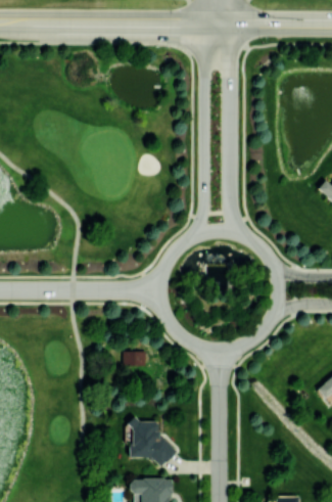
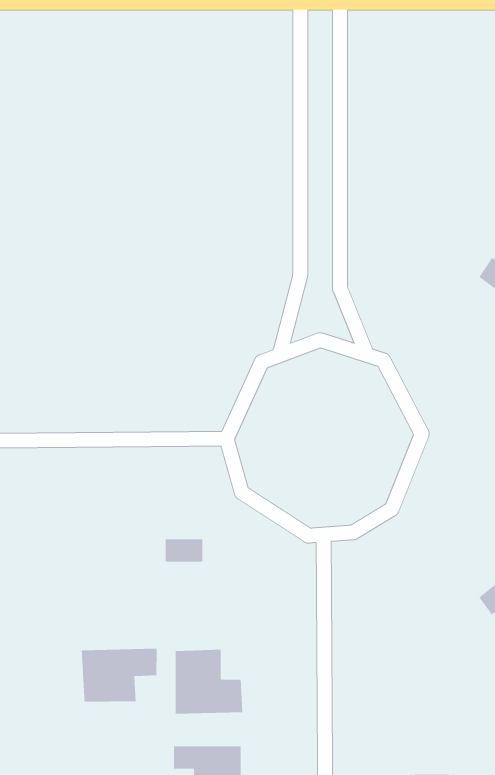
building: none -> [81,648,157,703]

